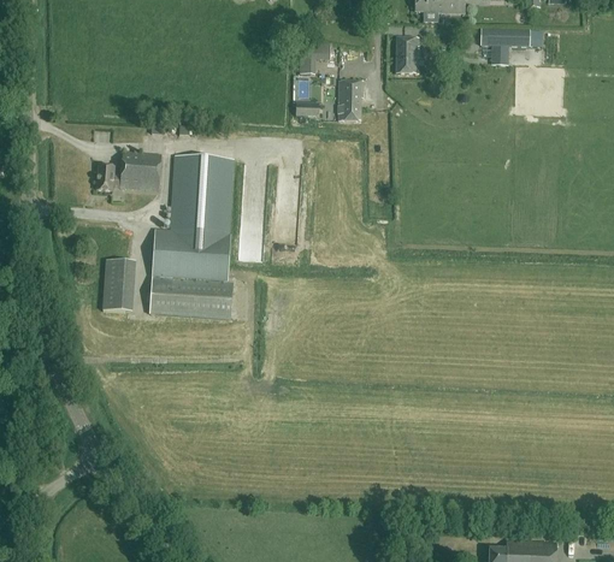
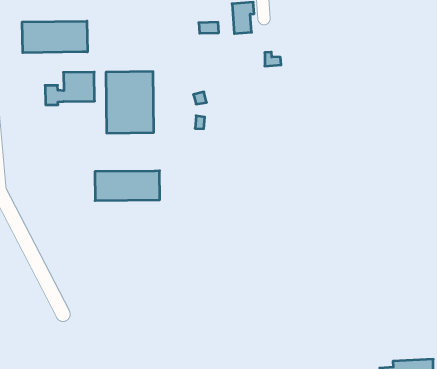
building: none -> [22,21,87,53]
building: [152,229,229,282] -> none
building: [102,259,128,310] -> none

